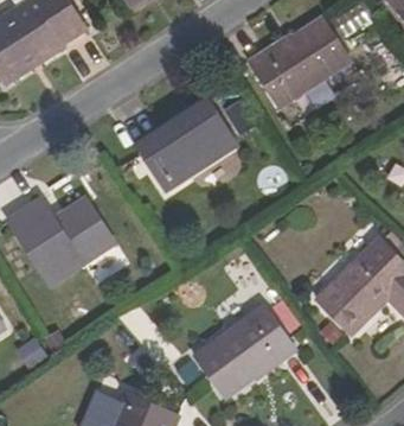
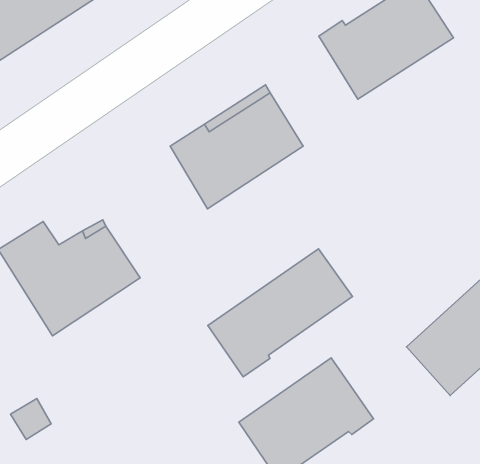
building: none -> [208,249,353,377]

